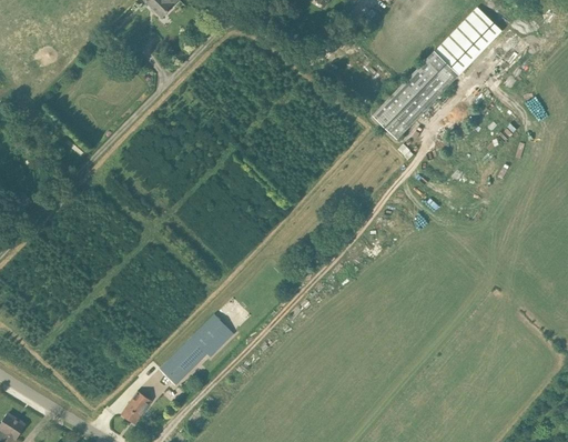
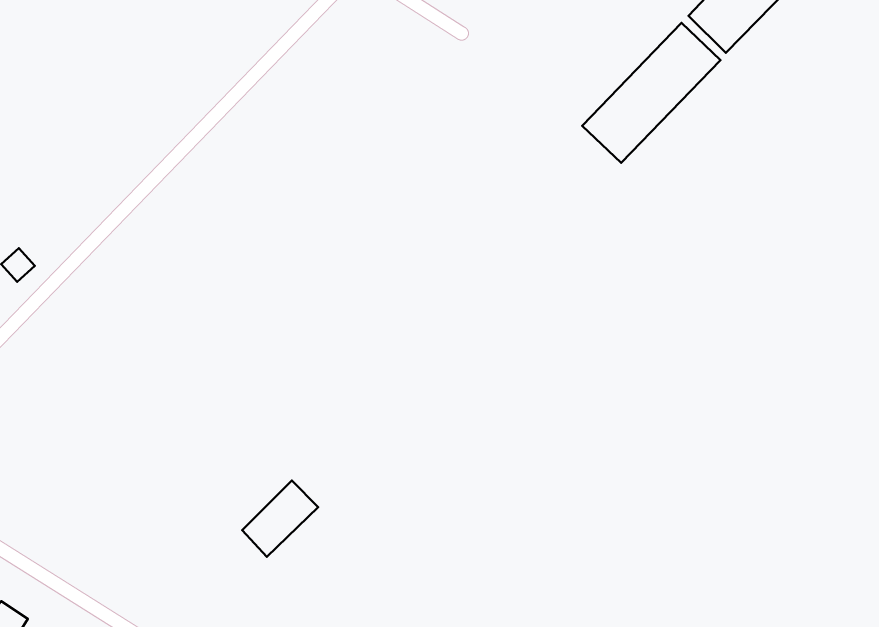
building: [190,314,233,356] -> none
building: [121,392,151,423] -> none

